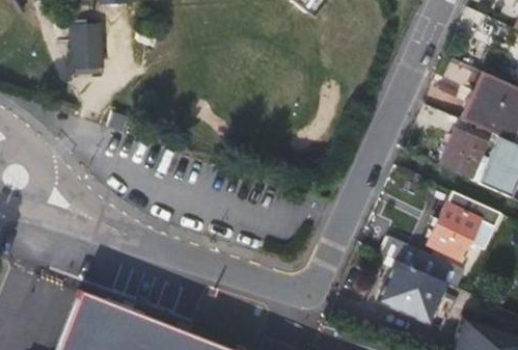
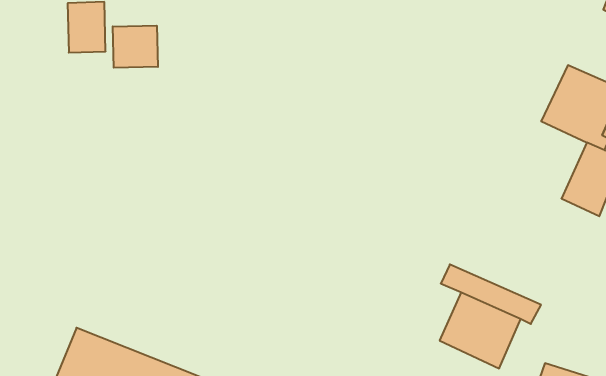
building: none -> [113,26,158,68]
building: [440,132,487,182] -> none
building: [425,193,497,264] -> none

